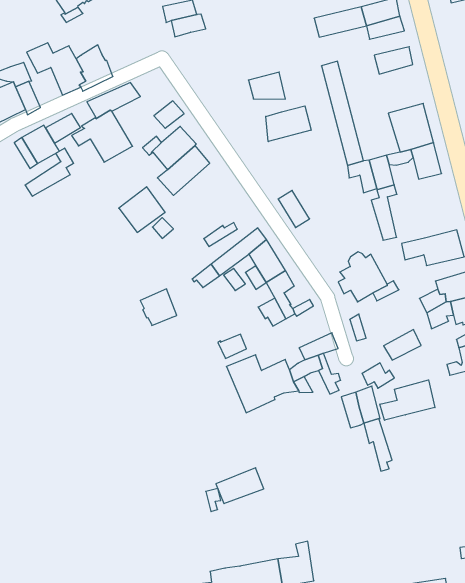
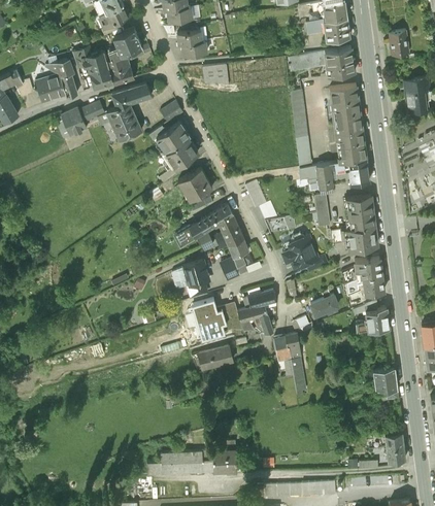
building: none -> [108,28,150,61]
building: none -> [331,97,361,131]
building: [248,72,285,99] -> [202,63,228,83]
building: [266,106,311,142] -> none
building: [25,148,74,196] -> none
building: [119,187,165,232] -> [177,168,211,201]
building: none -> [346,194,374,227]
building: [140,289,177,325] -> [182,260,208,285]
building: [380,380,435,420] -> none
building: [216,468,264,504] -> [197,345,232,369]

